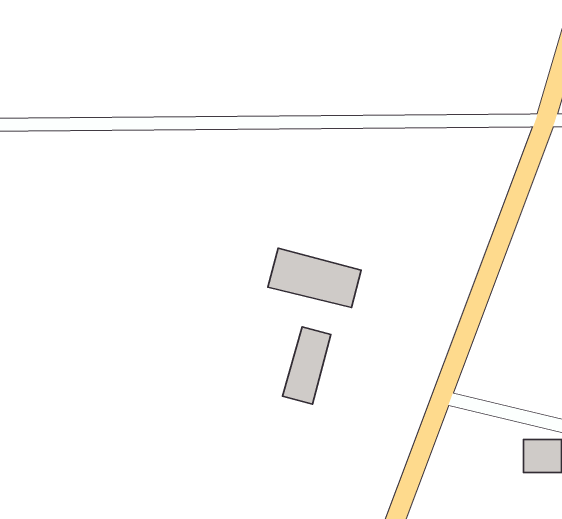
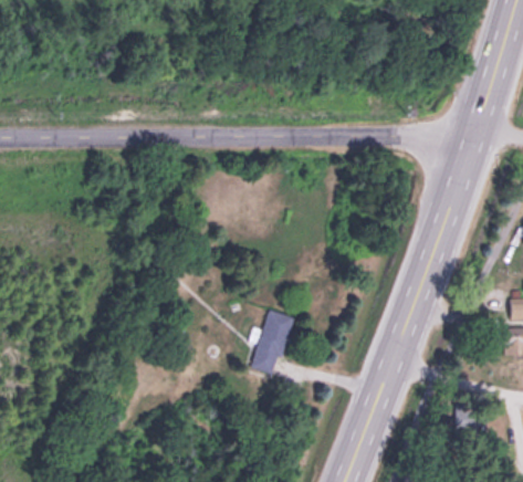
building: [268,248,361,307] -> none

